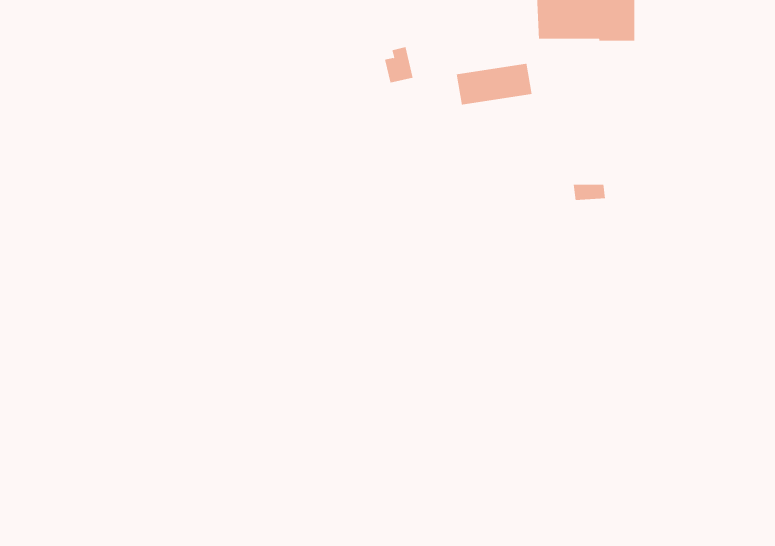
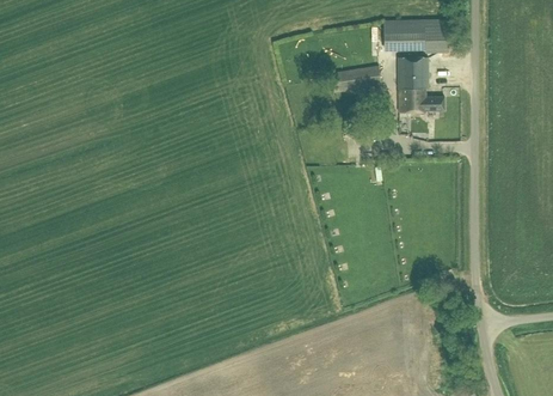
building: none -> [398,57,443,112]

